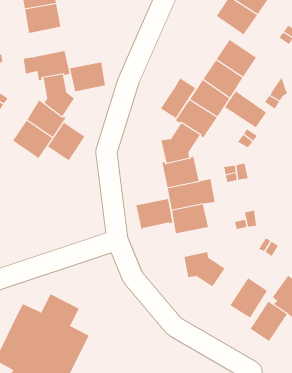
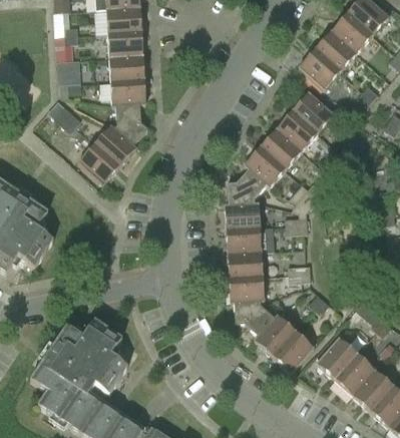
building: [69,62,106,92] -> [110,56,144,82]
building: [160,78,196,119] -> none
building: [224,90,267,128] -> none
building: [47,122,85,161] -> none
building: [135,198,173,229] -> [229,276,264,303]
building: [249,301,288,342] -> [255,315,295,356]

